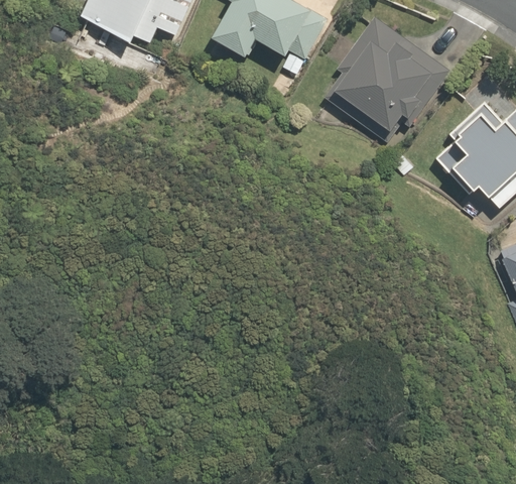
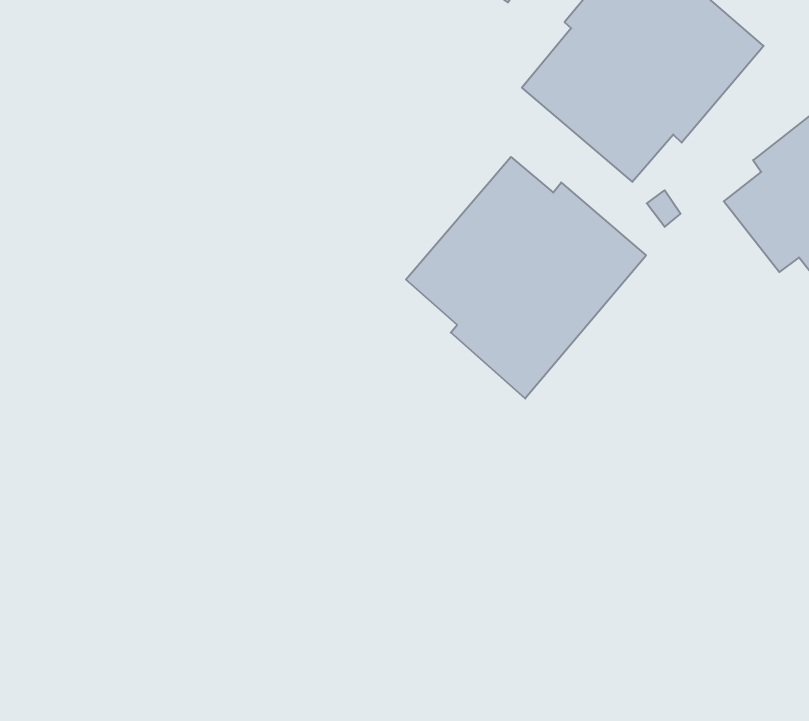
building: none -> [406,157,646,399]

